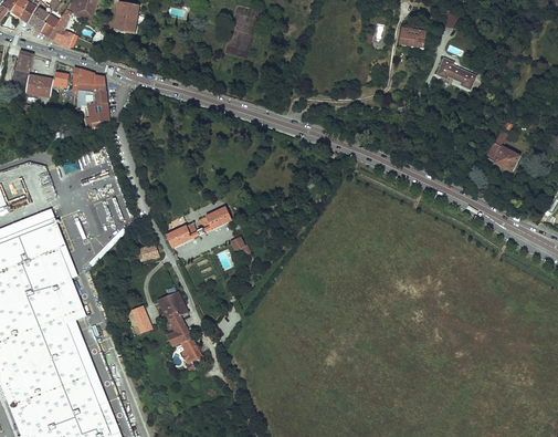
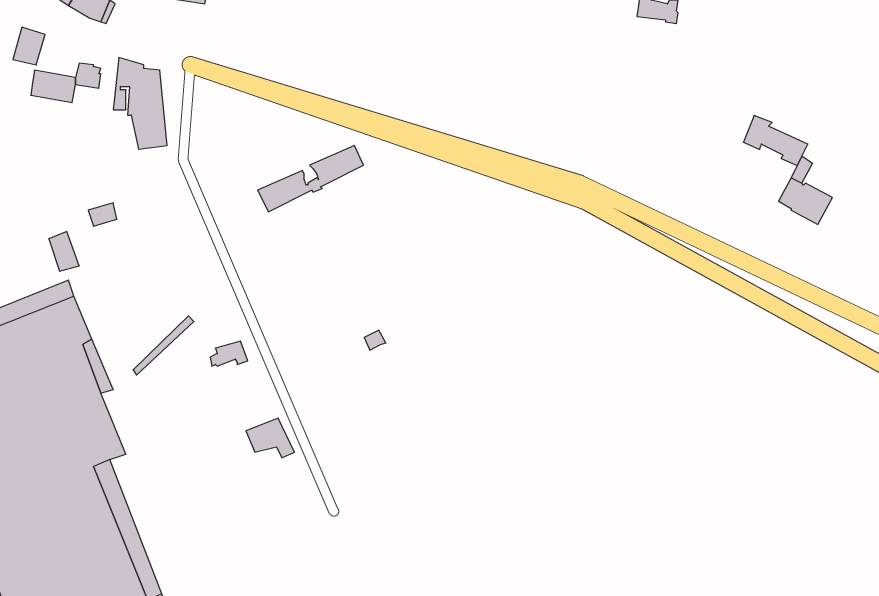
building: [436,58,476,89] -> [743,115,808,166]
building: [166,207,231,248] -> [258,145,363,212]
building: [125,305,151,335] -> none
building: [164,309,203,370] -> none

